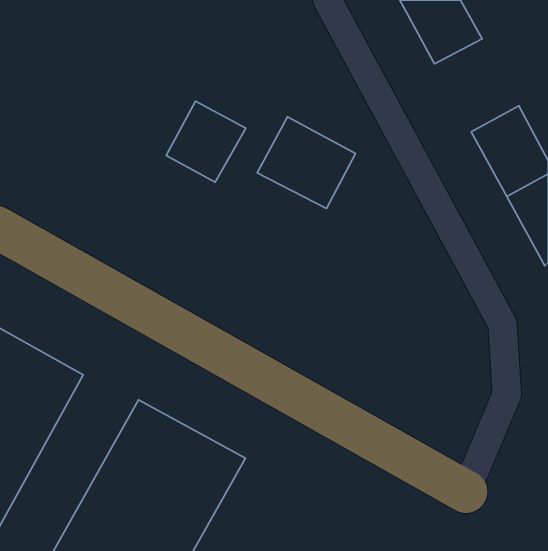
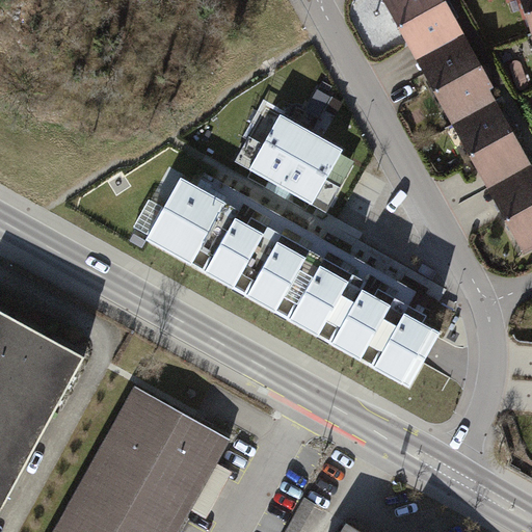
building: none -> [418,38,499,128]
building: [166,101,246,182] -> none
building: none -> [145,179,441,389]

